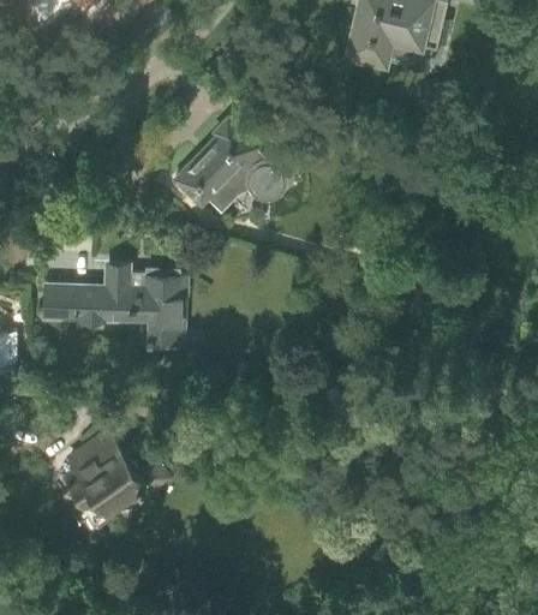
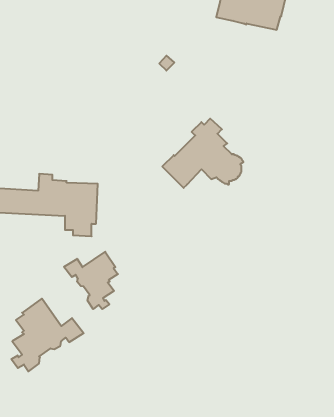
building: [172,112,281,205] -> [162,119,243,188]
building: none -> [64,252,118,309]

